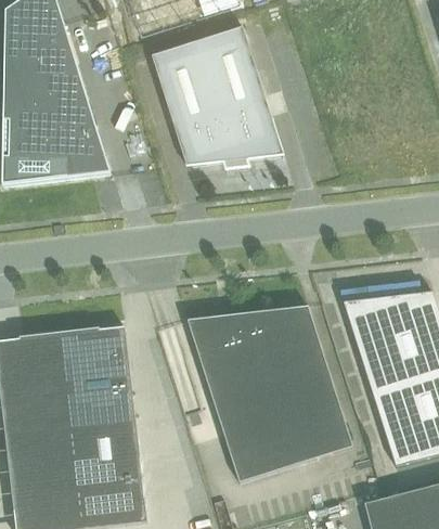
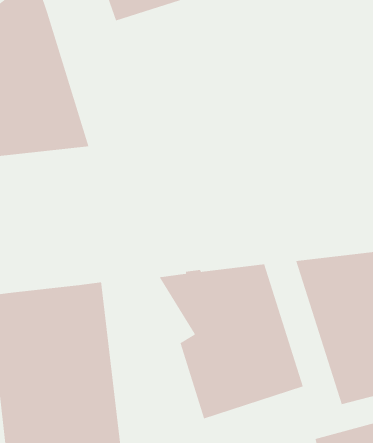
building: [151,25,283,167] -> none

